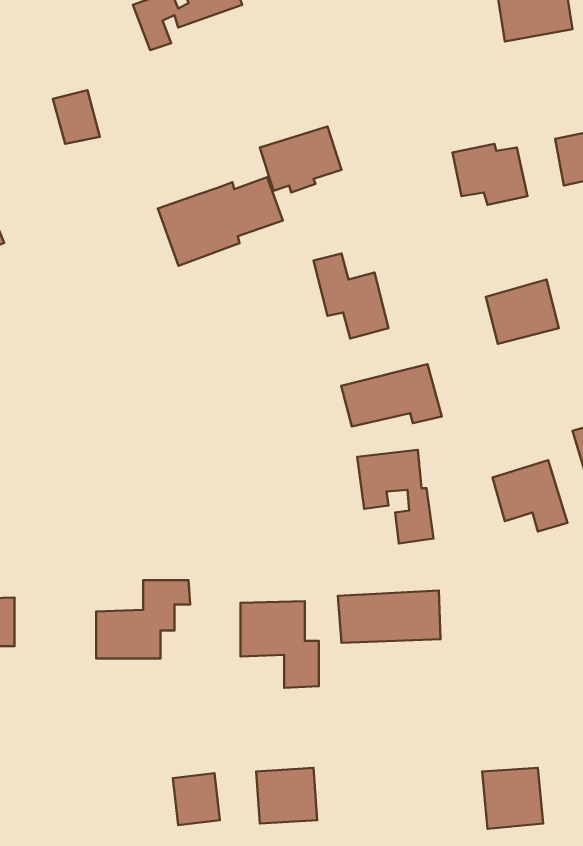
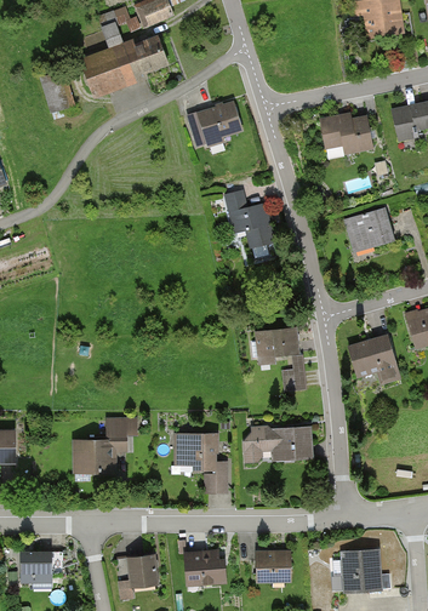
building: [158,177,283,266] -> [81,35,169,97]
building: [341,364,442,427] -> none
building: none -> [19,549,51,582]
building: none -> [255,549,290,582]

